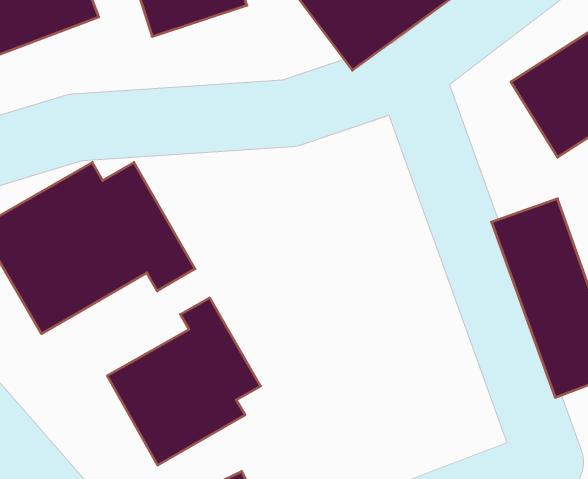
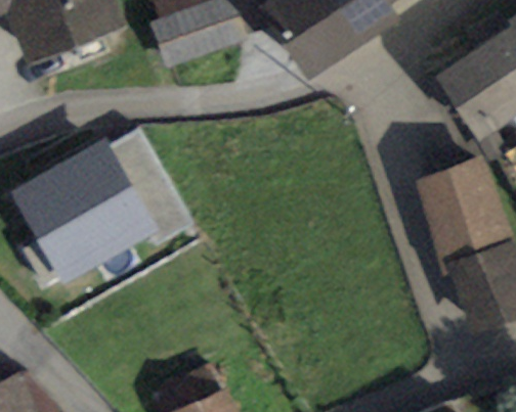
building: [107,298,261,465] -> none

